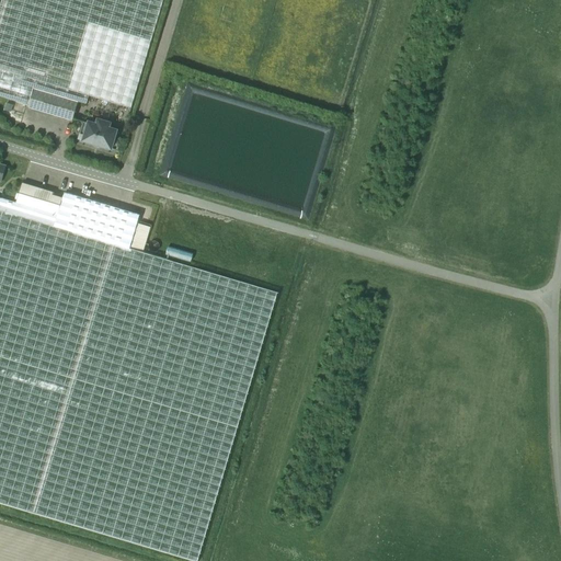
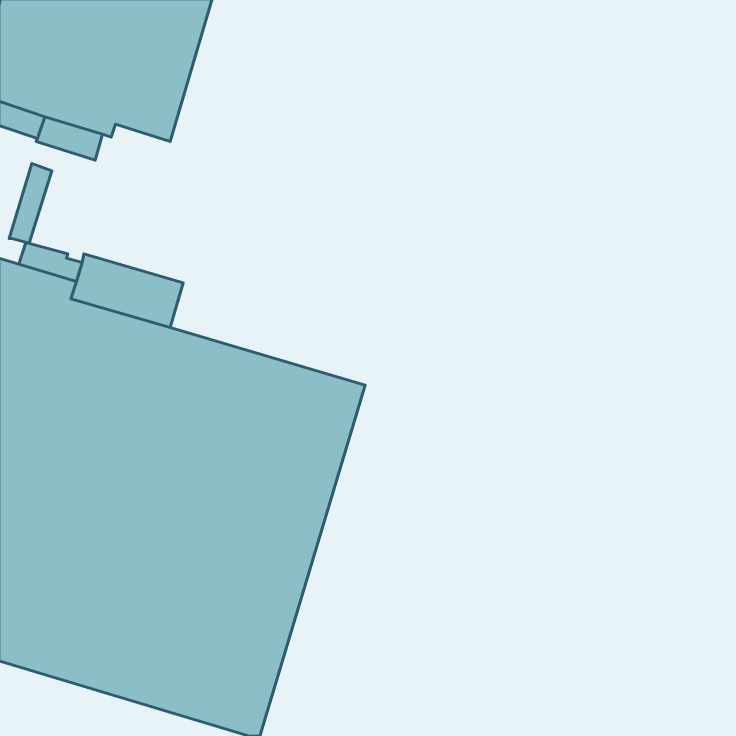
building: [78,121,115,149] -> none
building: none -> [9,163,52,243]

